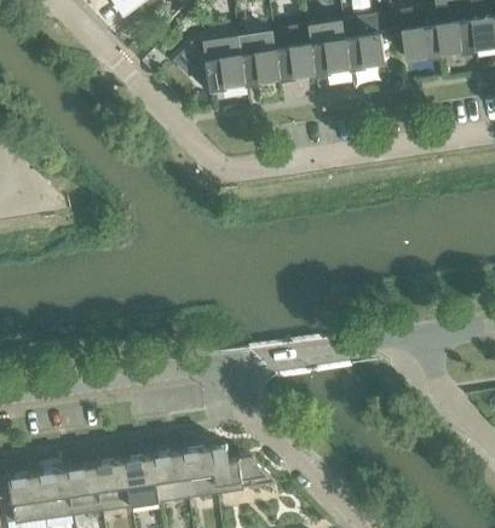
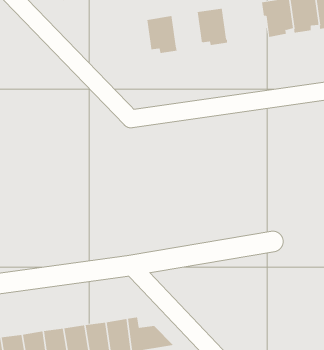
building: [343,16,385,68] -> none
building: [274,27,316,79] -> none
building: [175,38,246,88] -> none

